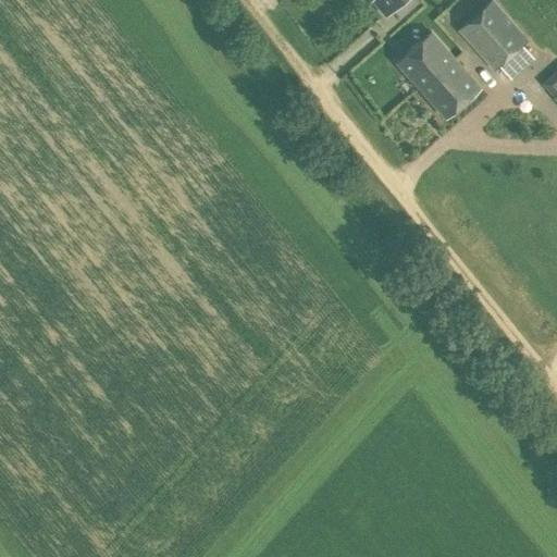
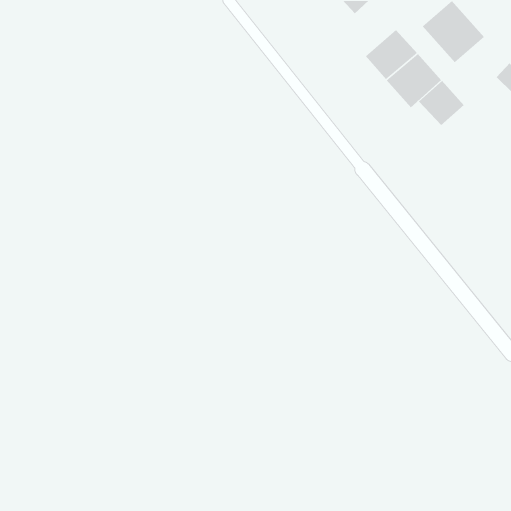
building: none -> [418,80,464,126]

